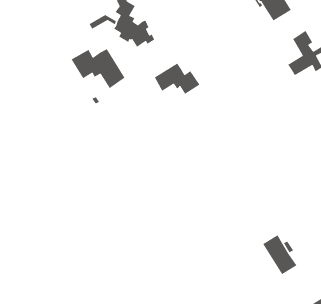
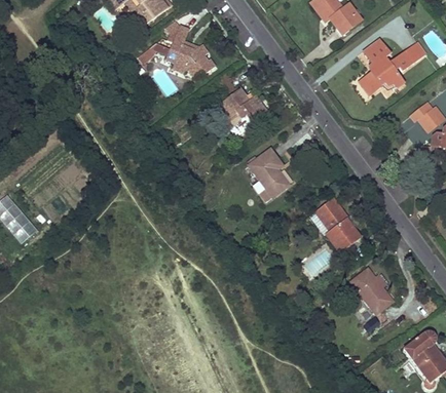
building: [71,48,126,89] -> none
building: none -> [250,149,289,200]
building: none -> [317,198,360,253]

